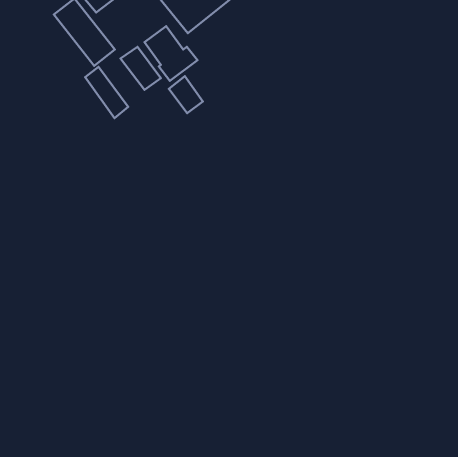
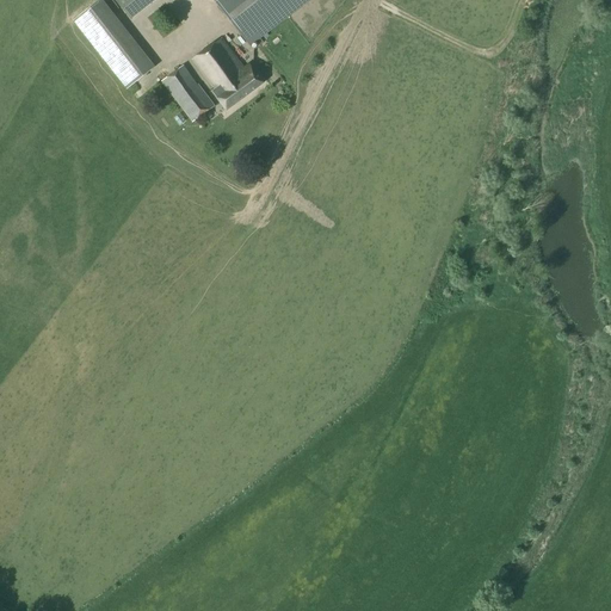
building: [85,67,128,118] -> none
building: [169,76,203,113] -> none

